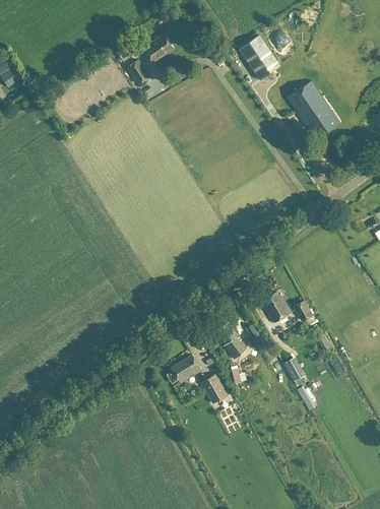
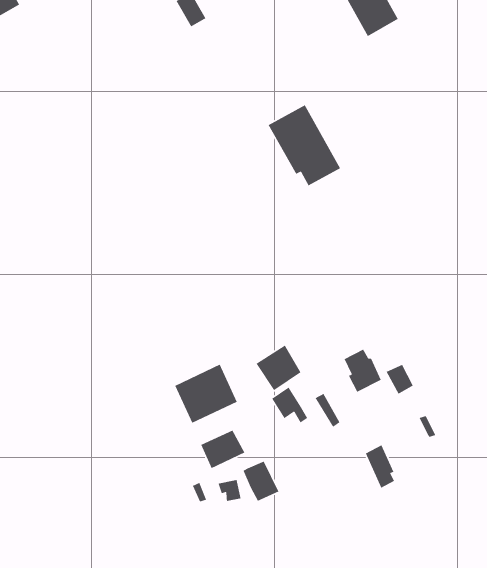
building: [287,80,339,136] -> [268,104,341,186]
building: none -> [255,344,302,391]
building: none -> [174,364,238,424]

